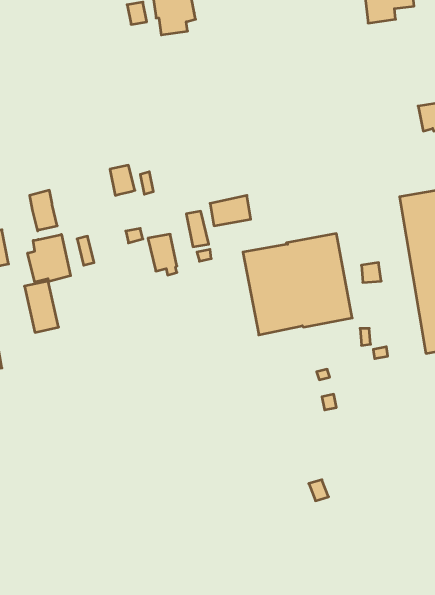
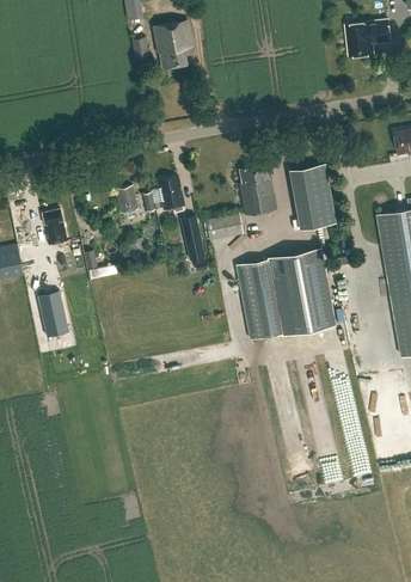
building: none -> [239,164,275,214]
building: none -> [289,164,335,228]
building: [148,234,177,275] -> [157,176,183,213]
building: [28,234,71,282] -> none

